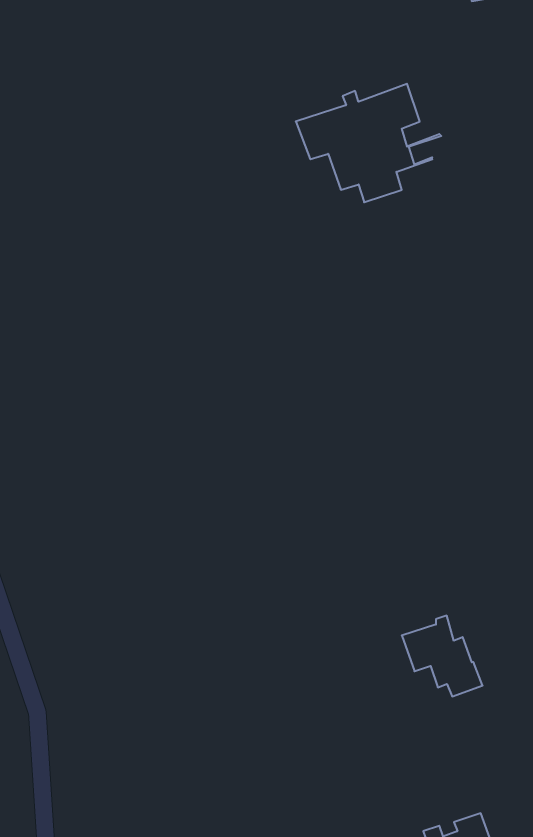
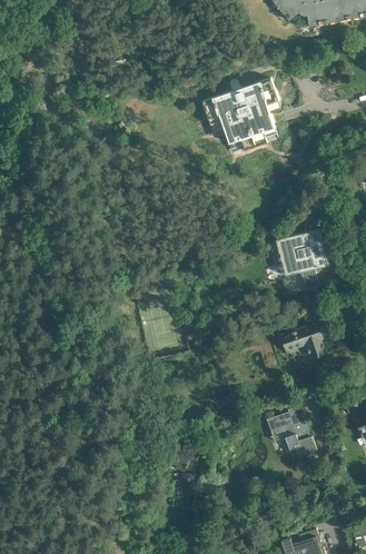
building: none -> [276,229,326,288]
building: none -> [279,324,327,358]

